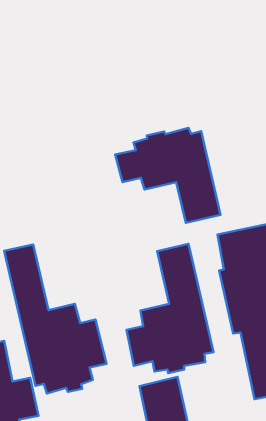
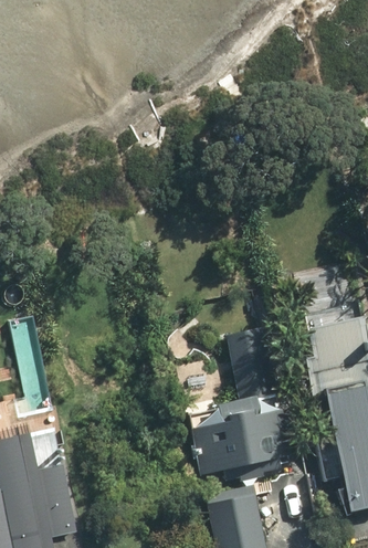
building: [115,128,221,223] -> none
building: [4,244,107,394] -> none

